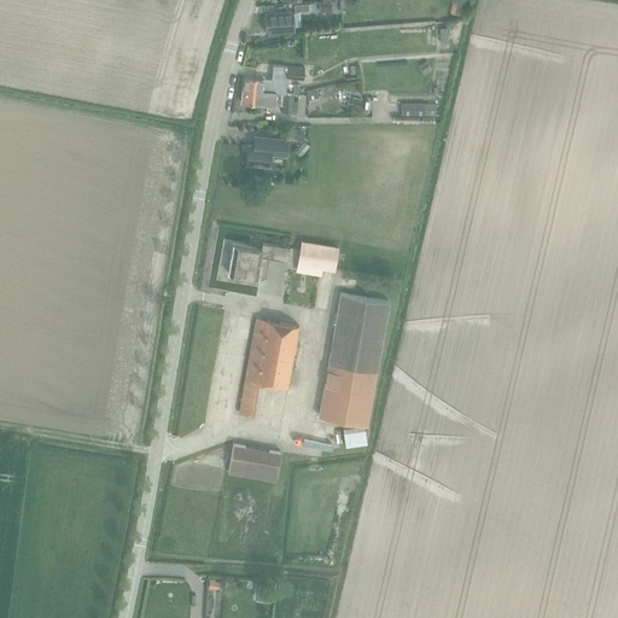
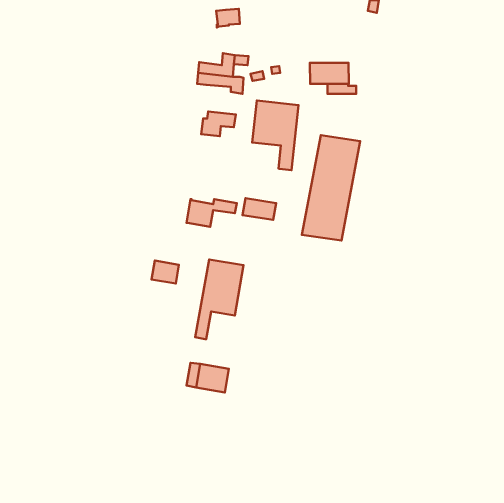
building: none -> [310,63,349,84]
building: none -> [252,100,299,170]
building: [319,295,390,424] -> [302,135,360,241]
building: none -> [152,260,179,284]

